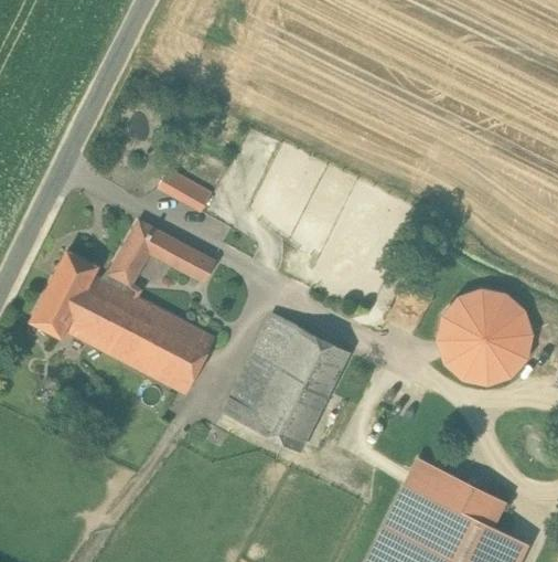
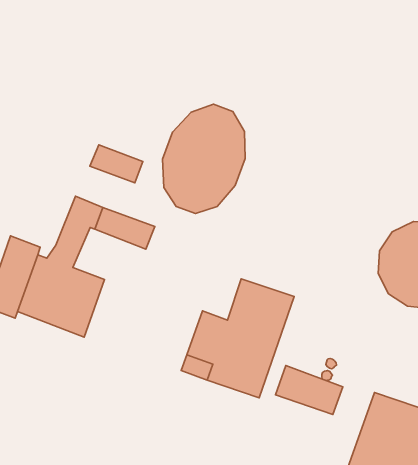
building: none -> [163,104,245,214]
building: [129,308,215,393] -> none
building: [254,314,298,367] -> none
building: none -> [276,366,343,414]

